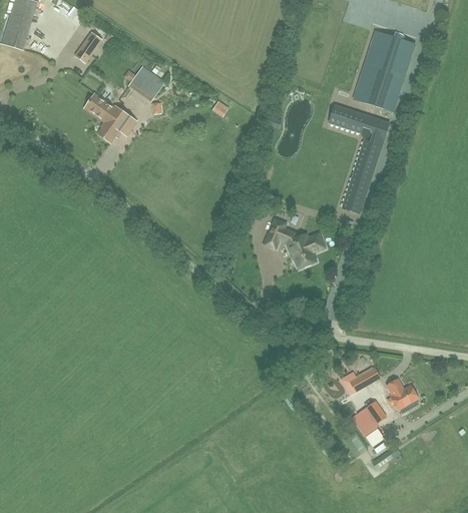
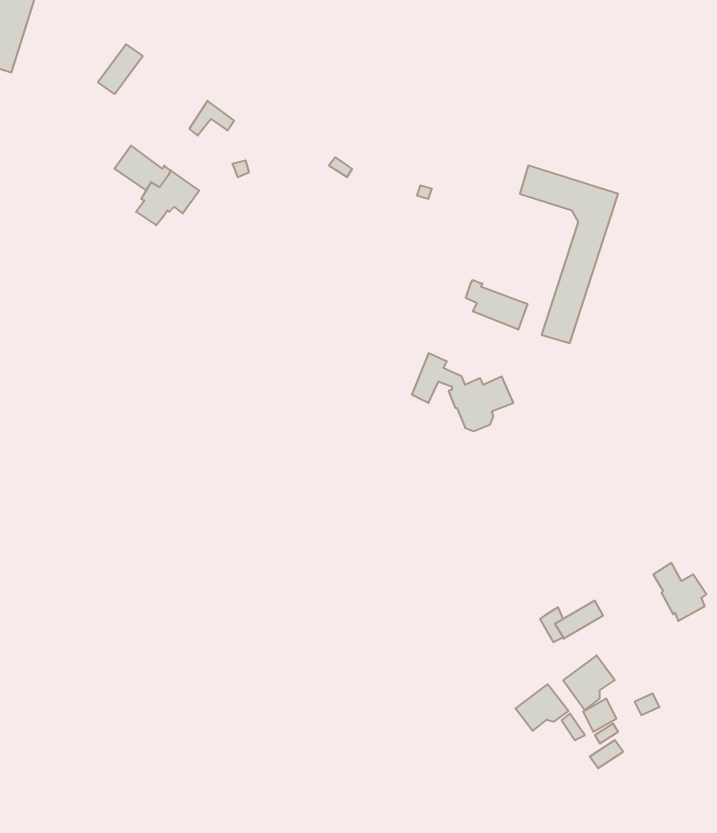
building: [354,31,415,111] -> none
building: none -> [466,280,528,330]
building: [387,378,419,413] -> [653,563,706,621]
building: none -> [515,684,569,731]

